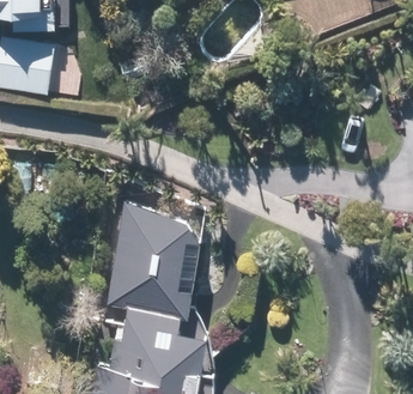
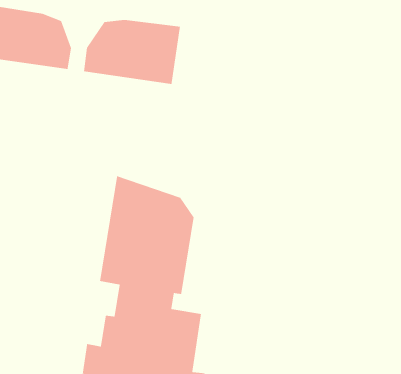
building: none -> [83,19,181,85]

